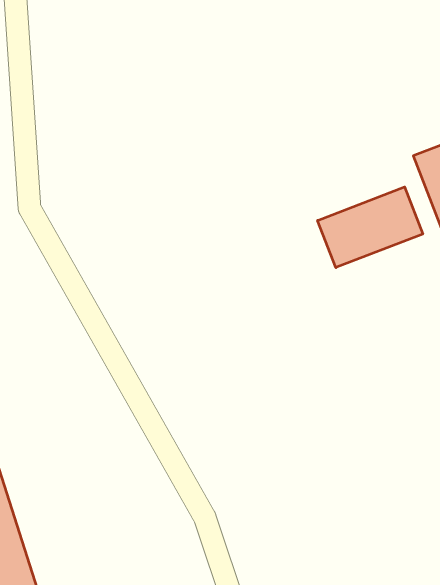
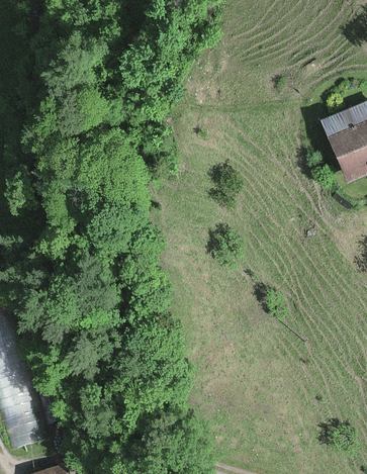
building: [318,187,423,268] -> none

